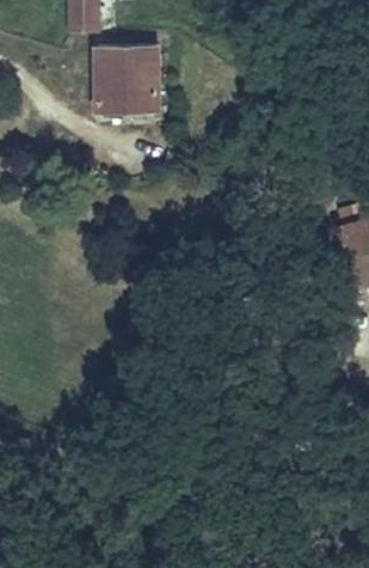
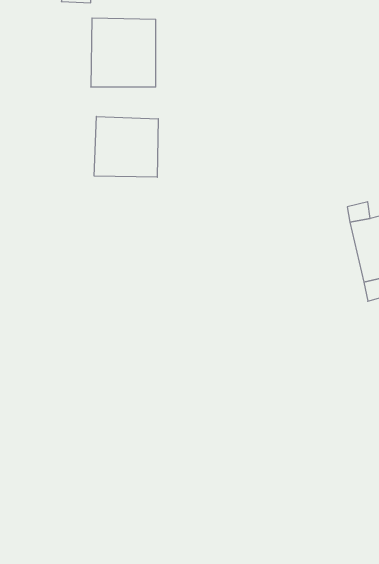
building: none -> [94,116,158,177]

